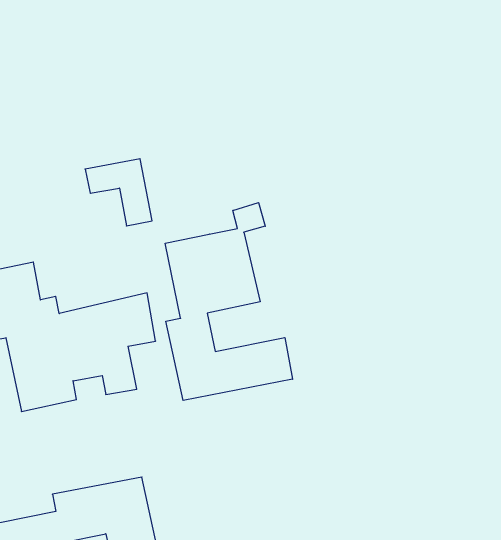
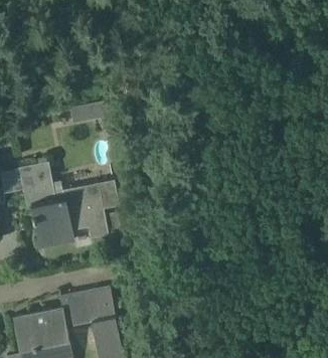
building: [165,203,293,400] -> none

